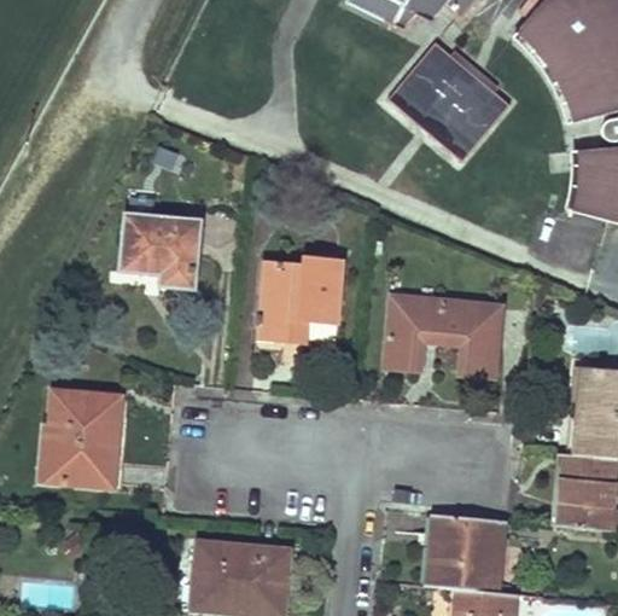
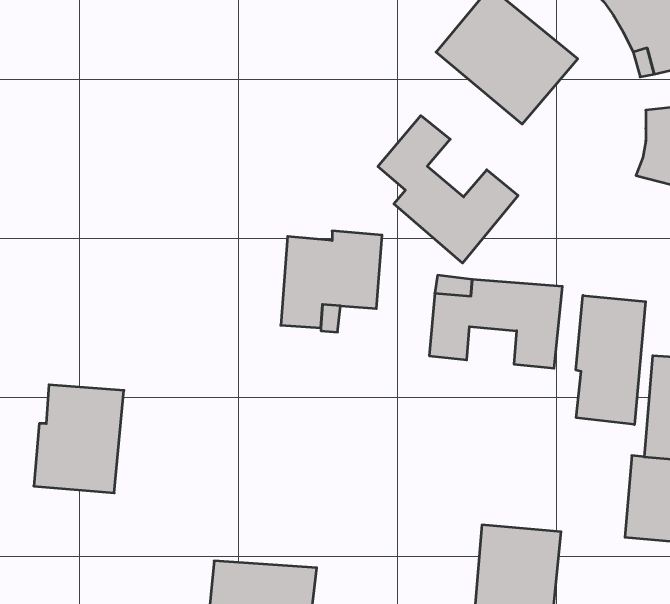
building: none -> [378,116,518,263]
building: [121,213,198,286] -> none
building: none -> [576,295,646,425]

